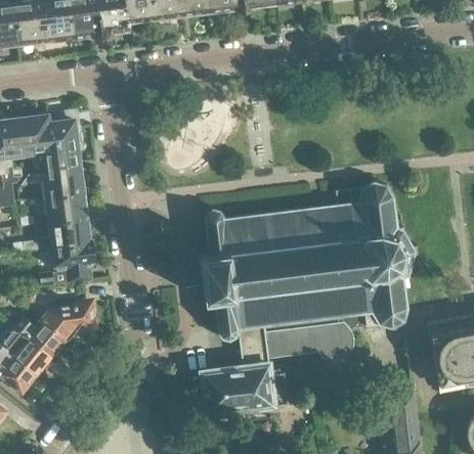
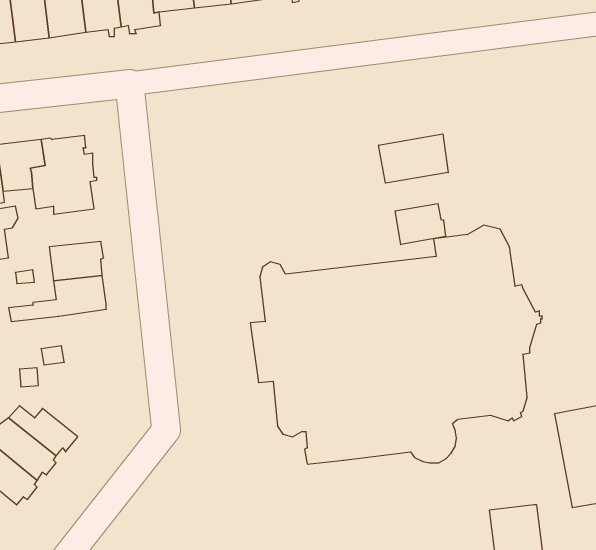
building: none -> [379,134,448,183]
building: none -> [395,204,446,245]
building: [20,168,85,196] -> none
building: [53,238,96,282] -> none
building: [41,302,94,339] -> none
building: [197,357,288,412] -> none

